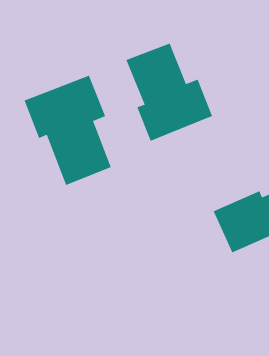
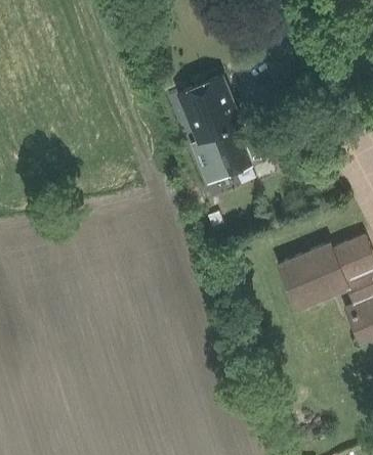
building: [24,75,112,186] -> none

